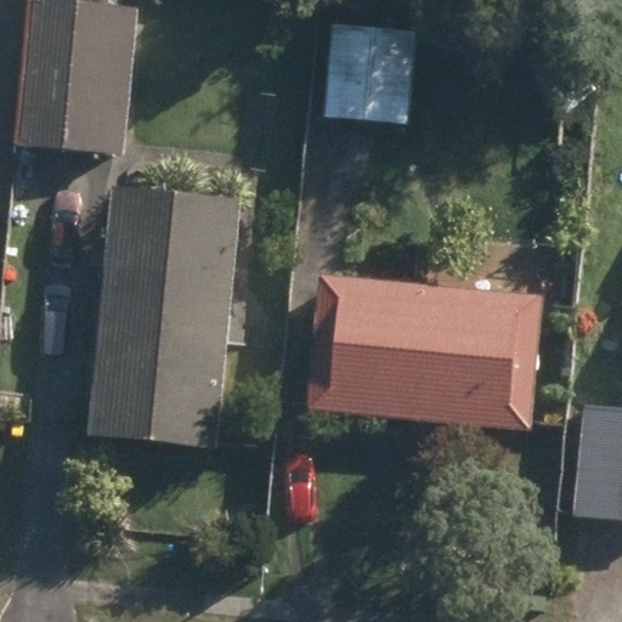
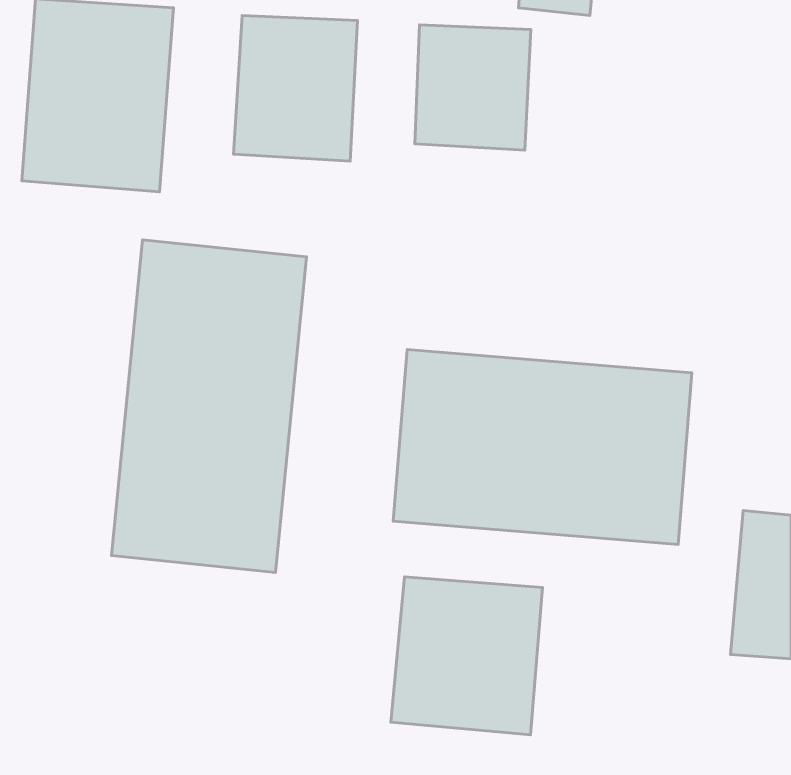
building: none -> [233,15,357,161]
building: none -> [391,577,542,735]

